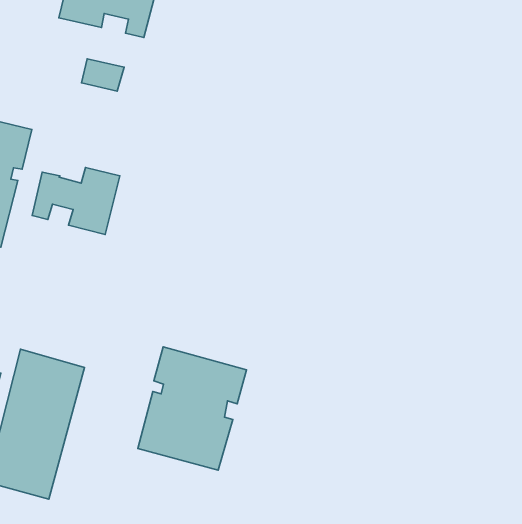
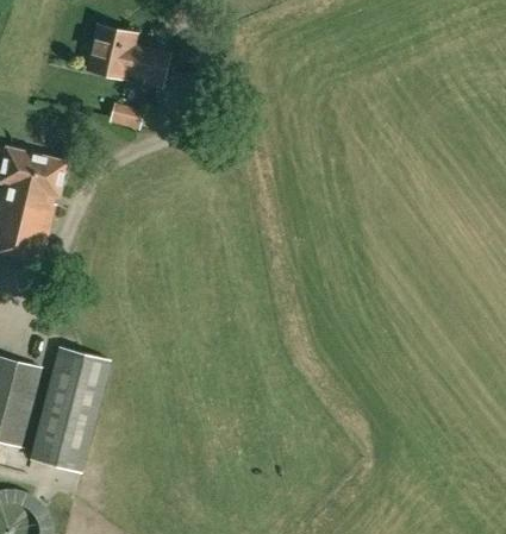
building: [32,168,120,235] -> none
building: [138,347,246,470] -> none

